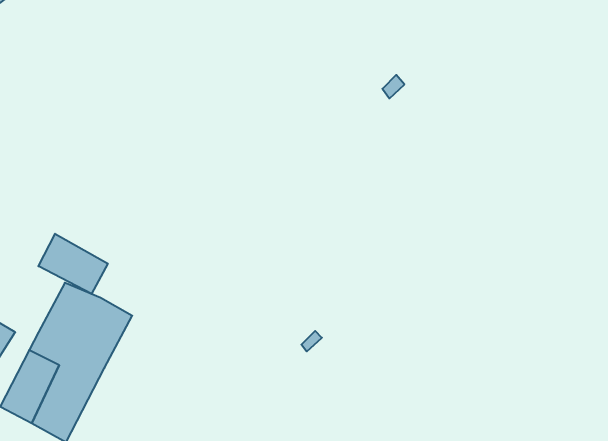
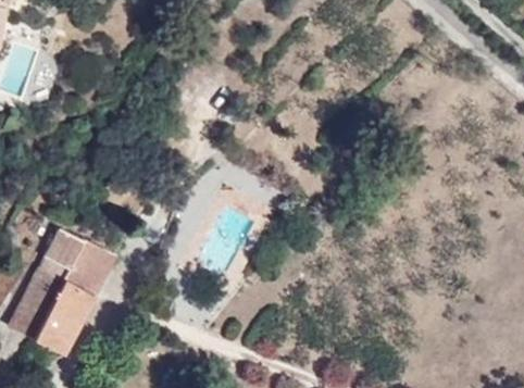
building: [38,234,108,294] -> none

